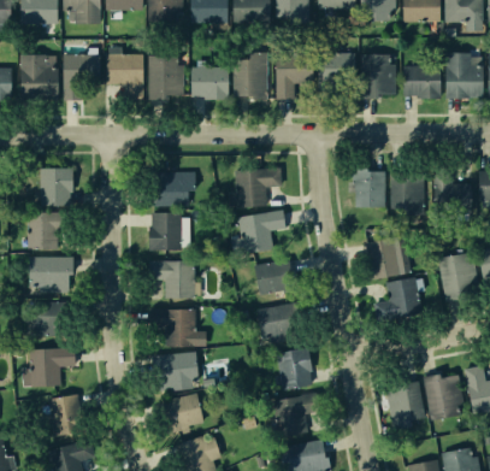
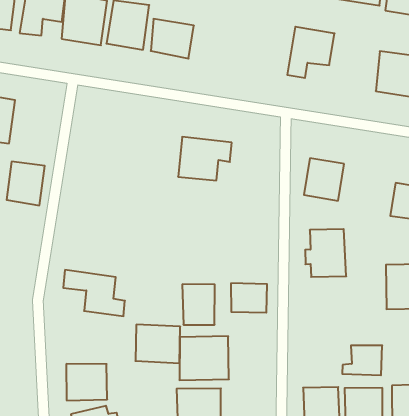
building: [234,49,273,102] -> none
building: [359,53,397,99] -> none
building: [278,60,312,99] -> none
building: [150,169,195,205] -> none
building: [394,171,429,214] -> none
building: [150,211,183,248] -> [7,162,45,205]
building: [240,211,279,254] -> none
building: [150,259,195,300] -> none
building: [249,263,287,294] -> [231,283,267,313]
building: [382,279,419,312] -> [342,345,382,375]
building: [155,352,201,390] -> [135,325,180,363]

